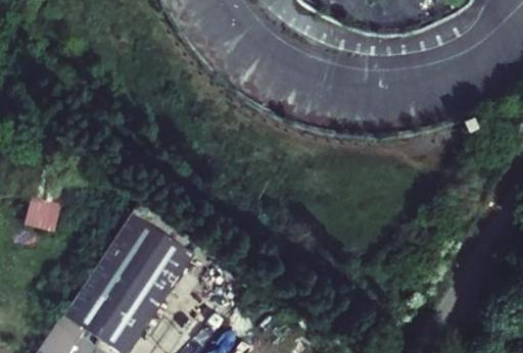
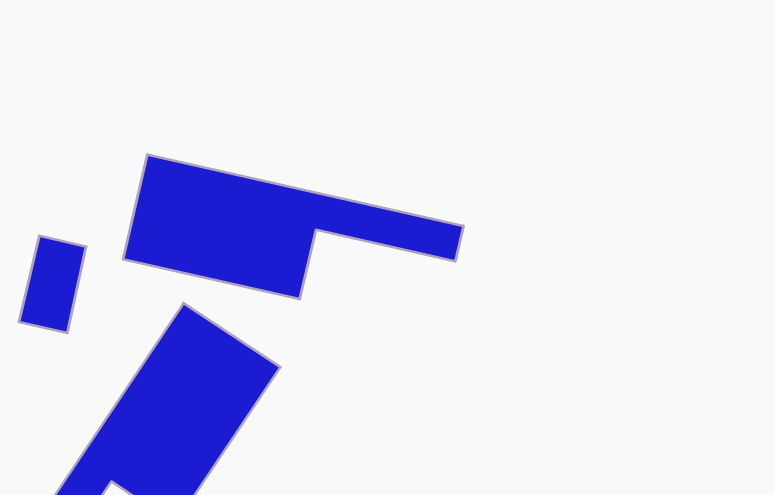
building: none -> [123,154,463,299]

